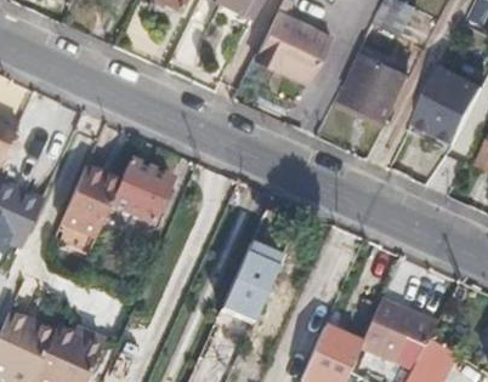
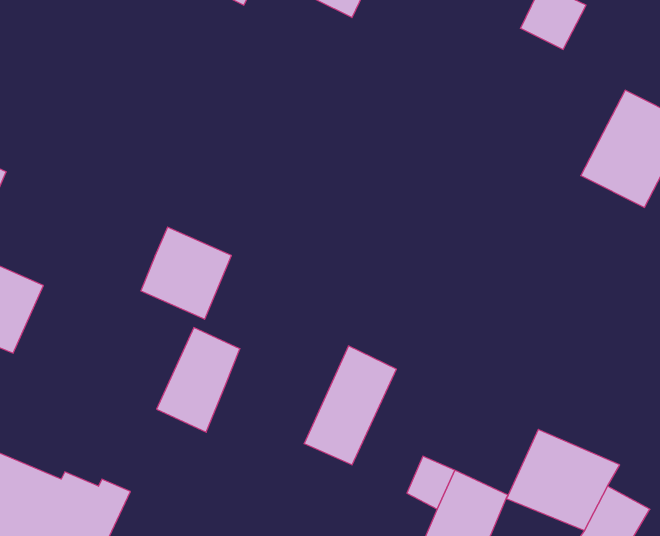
building: [256,11,333,85] -> none
building: [344,59,405,121] -> none
building: [62,165,119,236] -> [157,328,240,432]

